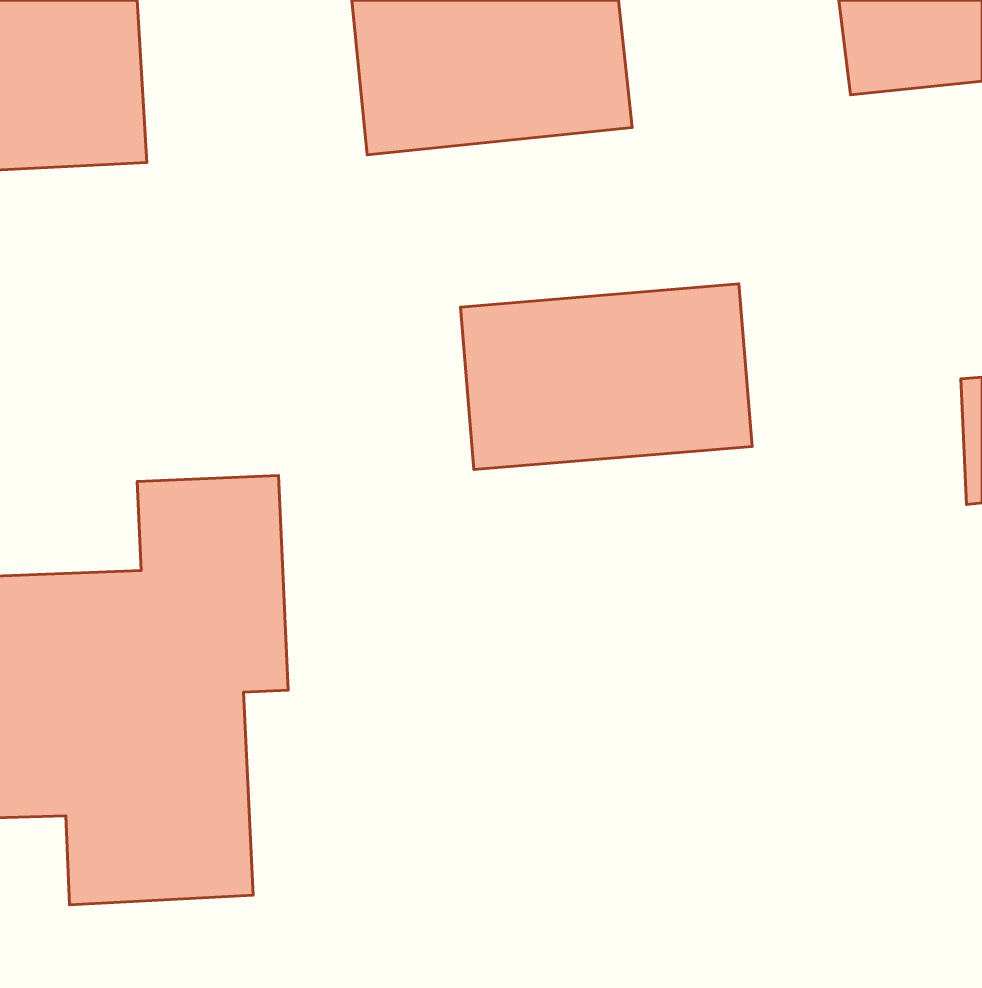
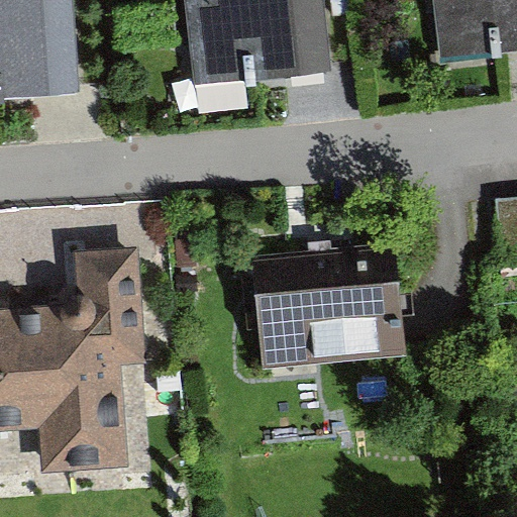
building: [460,284,752,470] -> [253,268,406,365]

